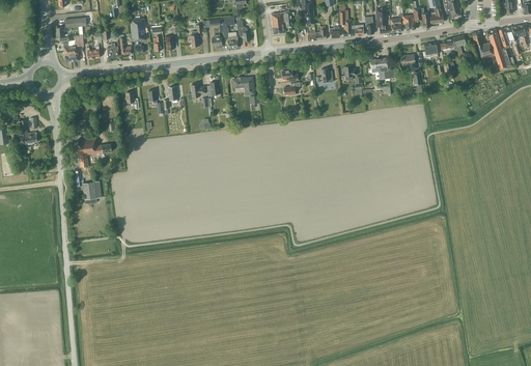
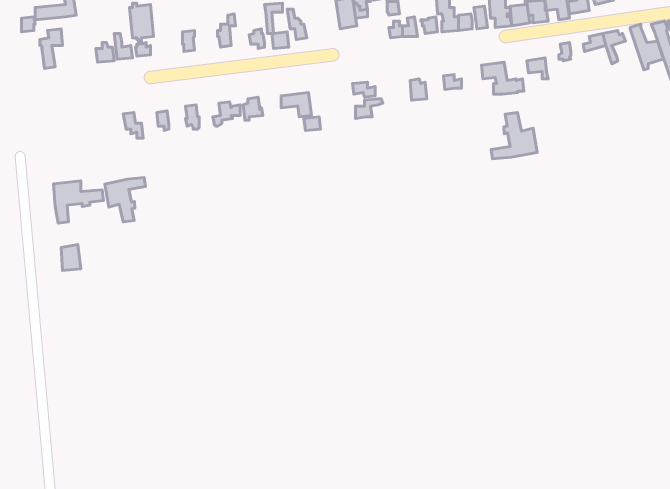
building: none -> [491,113,537,159]
building: none -> [105,177,146,222]

